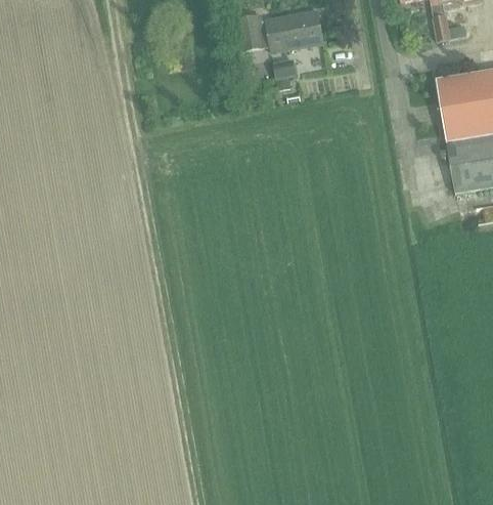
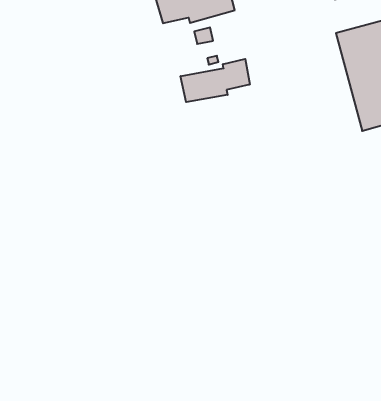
building: none -> [181,59,250,102]

